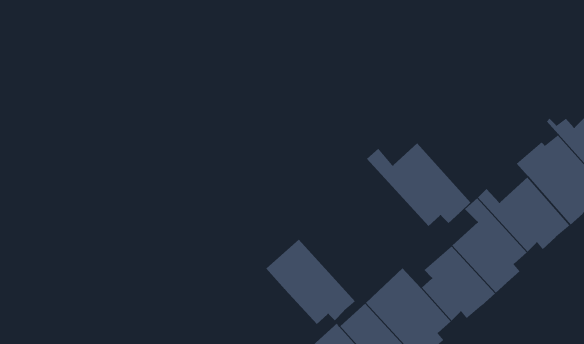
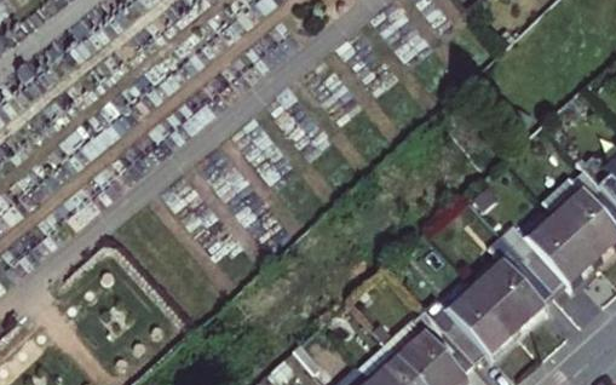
building: [366,143,471,227] -> none
building: [266,239,356,325] -> none

